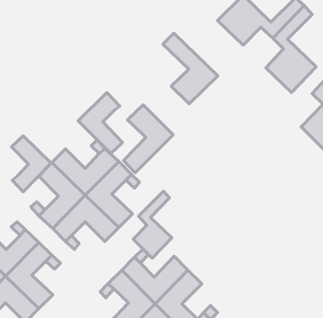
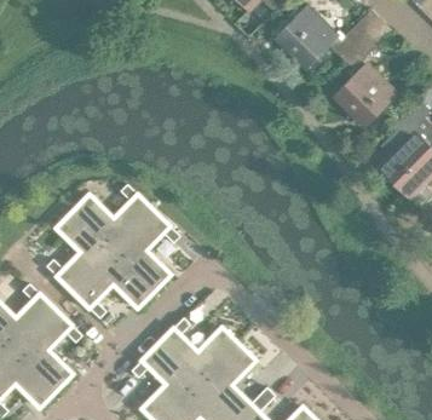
building: [163,33,218,104] -> none
building: [78,92,123,153] -> none
building: [123,105,173,173] -> none
building: [12,136,51,192] -> none
building: [133,191,172,258] -> none

